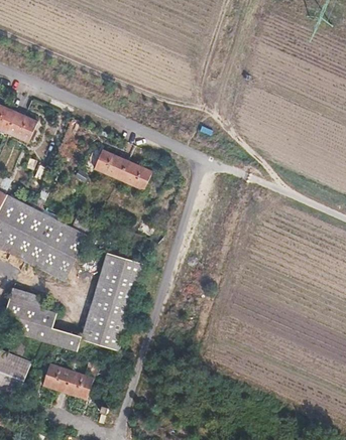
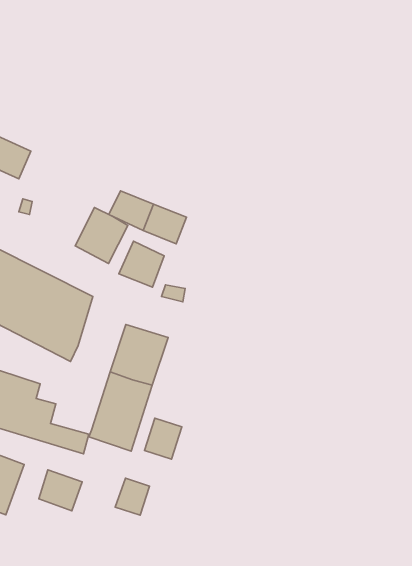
building: none -> [75,208,128,264]
building: none -> [119,241,164,287]
building: none -> [145,418,182,459]
building: [66,372,92,400] -> [115,478,149,515]

